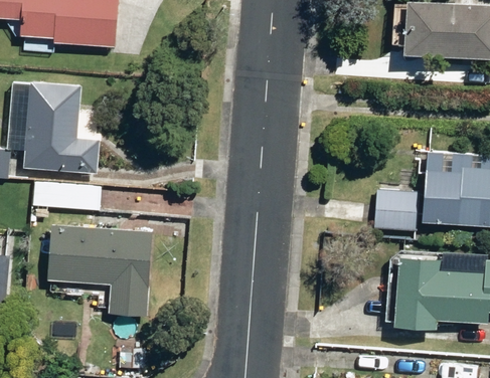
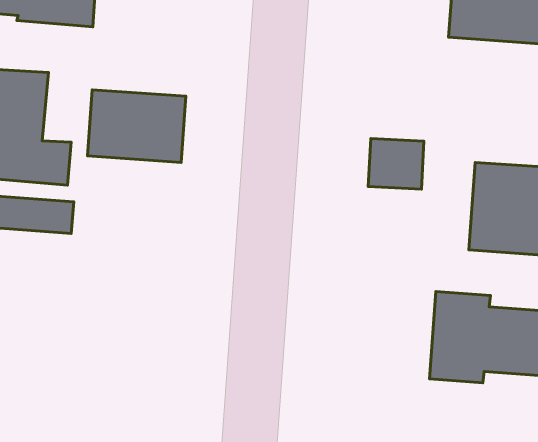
building: none -> [87,90,186,162]
building: [371,189,416,229] -> [368,138,424,189]
building: [51,222,154,315] -> none

